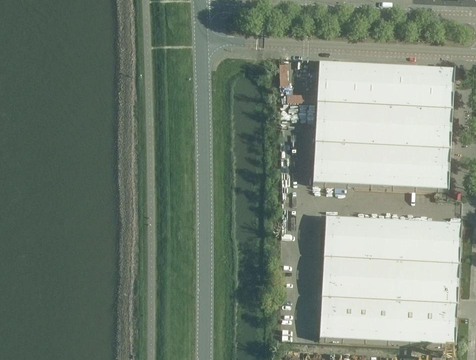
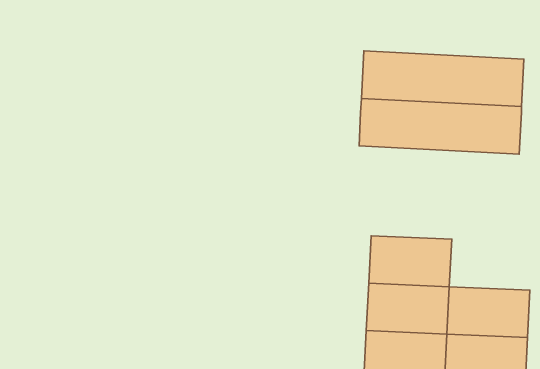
building: [312,143,450,191] -> none
building: [391,222,461,265] -> none

